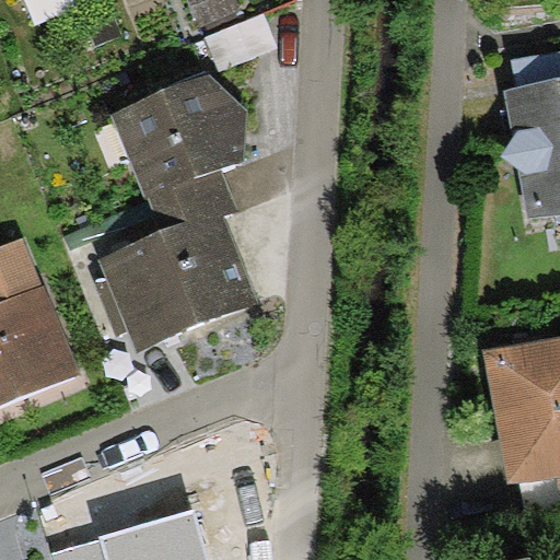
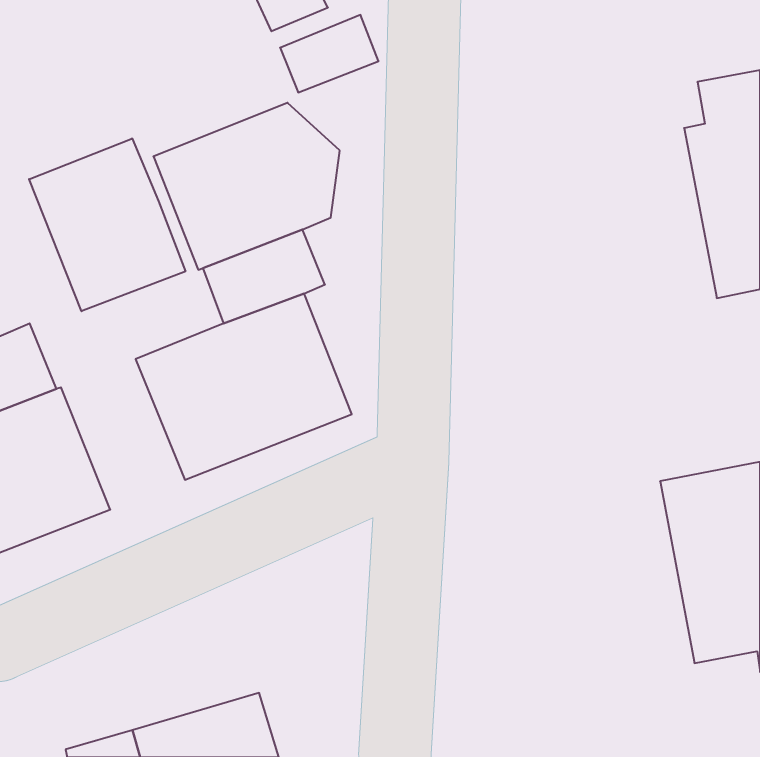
building: none -> [29,138,185,311]

